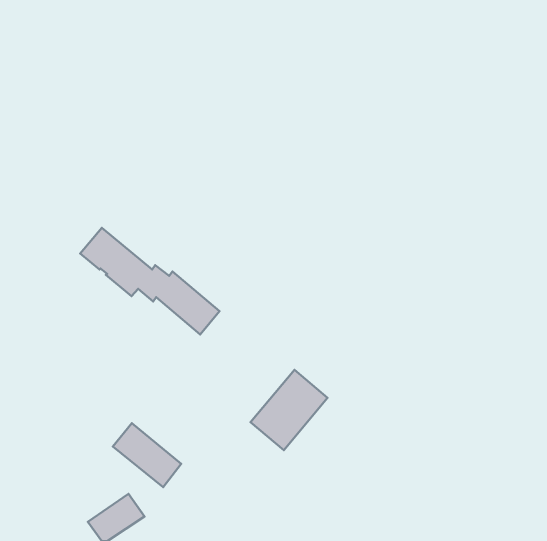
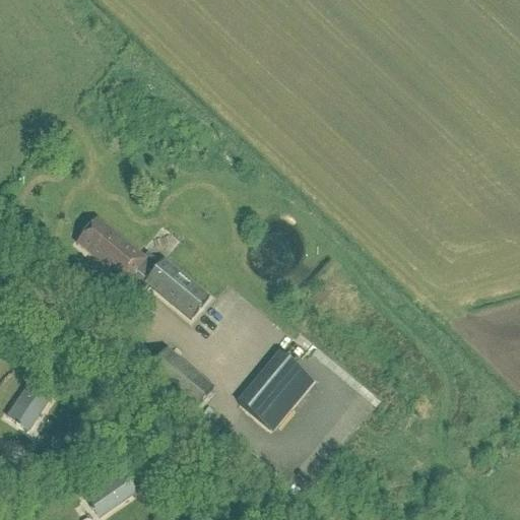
building: none -> [6,377,54,430]
building: [113,423,181,487] -> [147,347,212,408]

